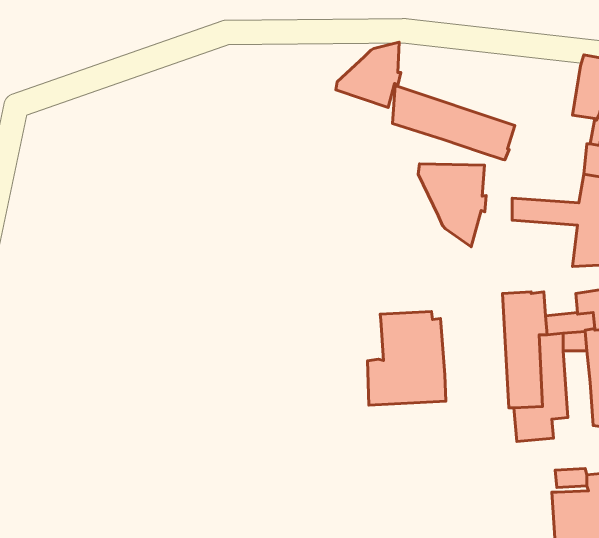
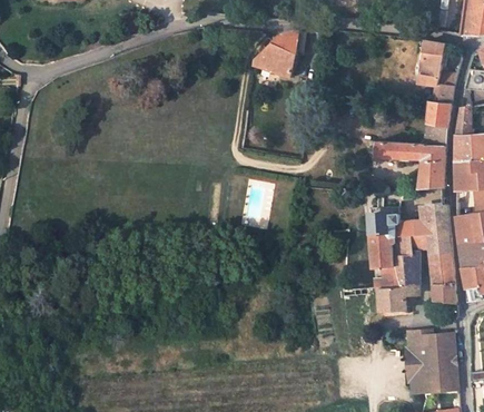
building: [392,86,515,160] -> none
building: [418,164,486,247] -> none
building: [367,311,446,405] -> none

